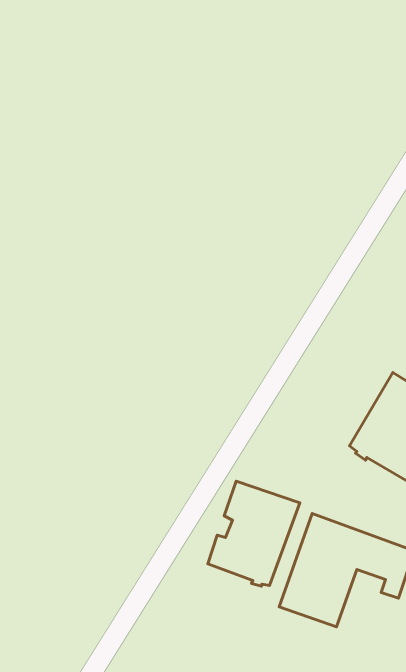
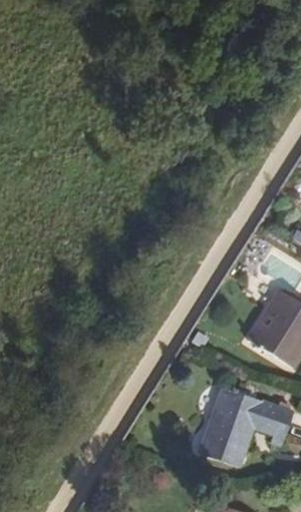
building: [208,481,300,586] -> none

